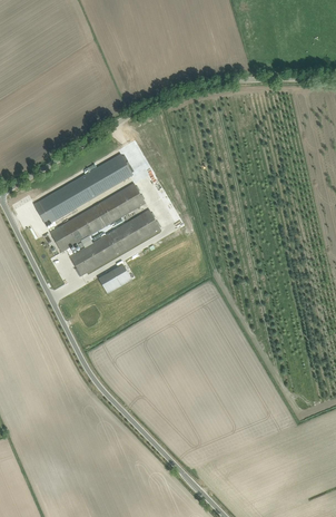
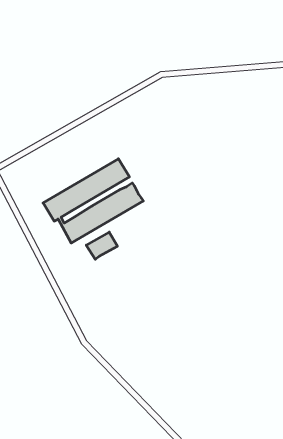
building: [33,154,131,225] -> none

